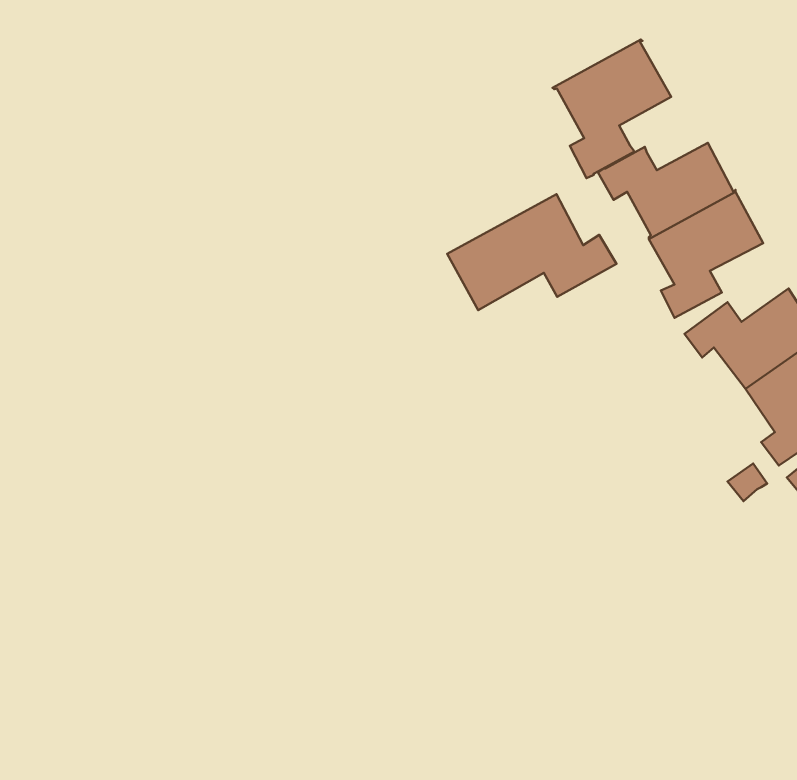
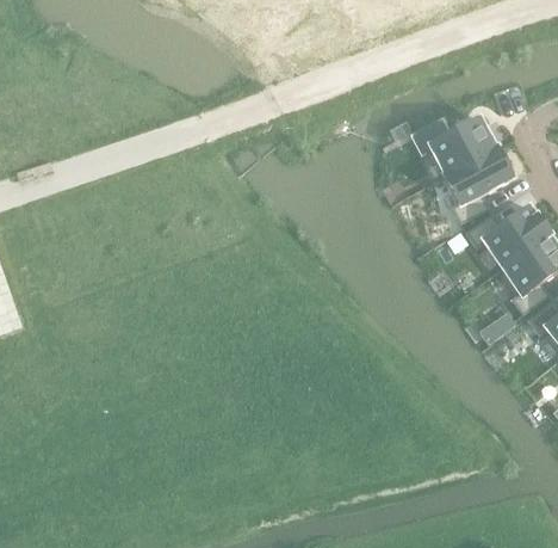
building: [552,40,671,178] -> none
building: [447,194,617,310] -> none

